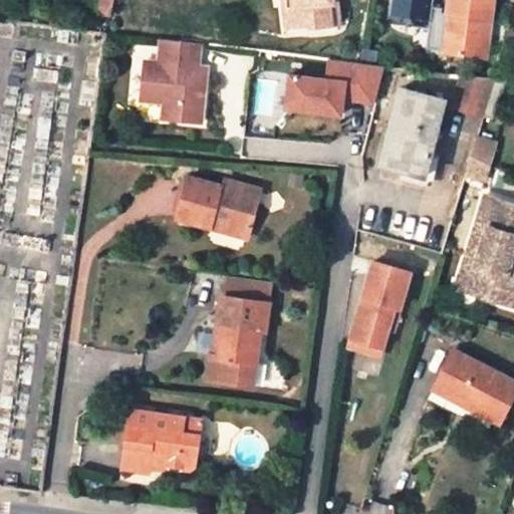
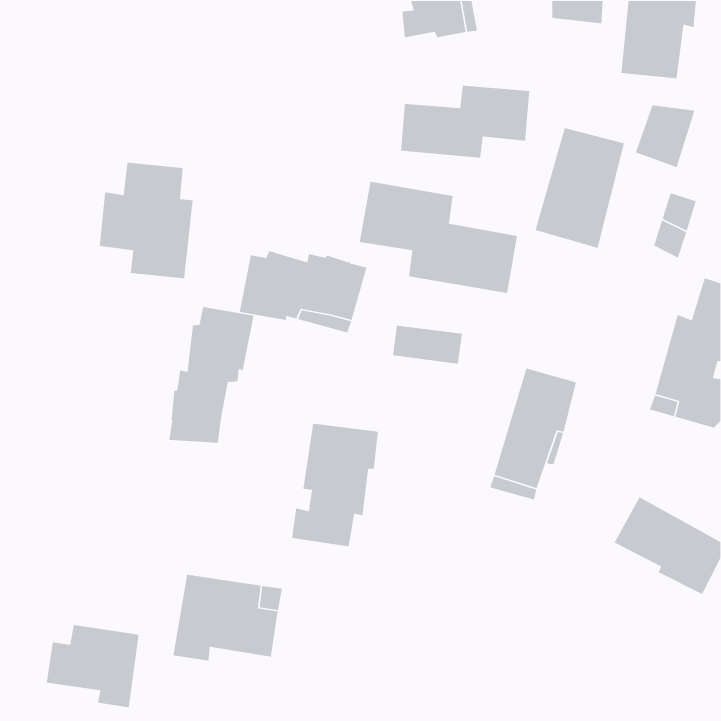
building: [140,40,207,123] -> [99,162,193,279]
building: none -> [359,181,518,294]
building: none -> [168,306,254,443]
building: [222,279,272,307] -> [392,325,463,364]
building: none -> [46,624,139,708]

